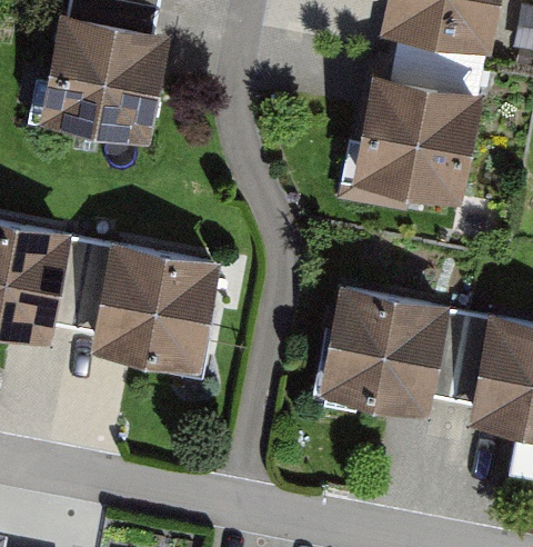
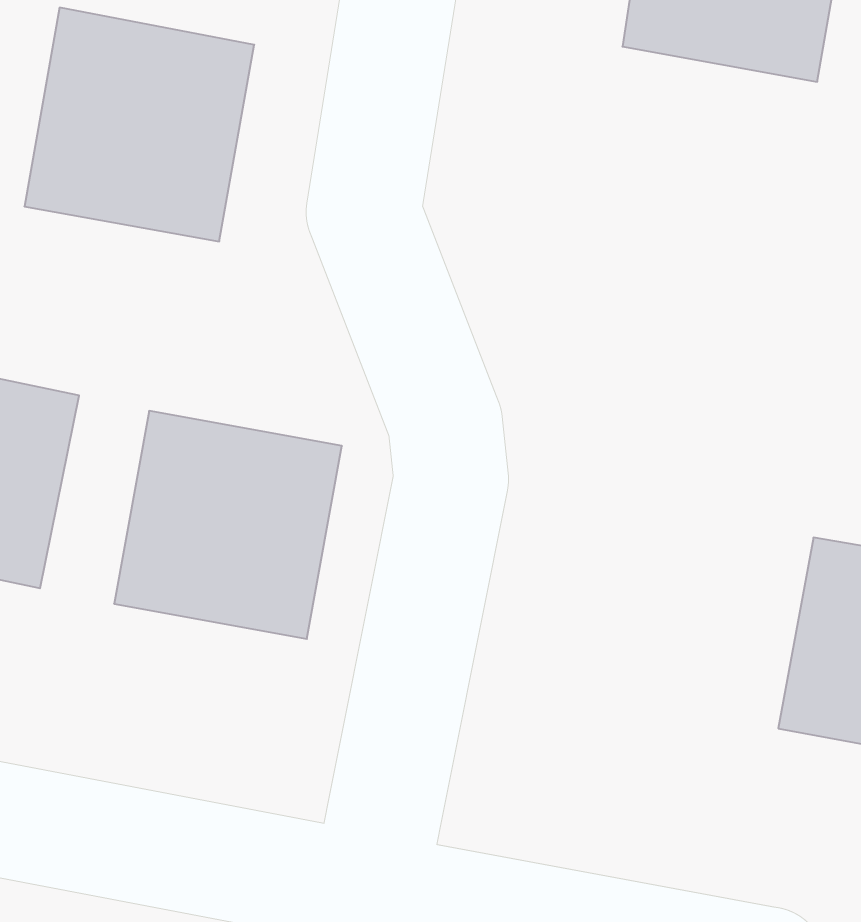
building: [364,82,471,195] -> none
building: [319,287,451,418] -> none

